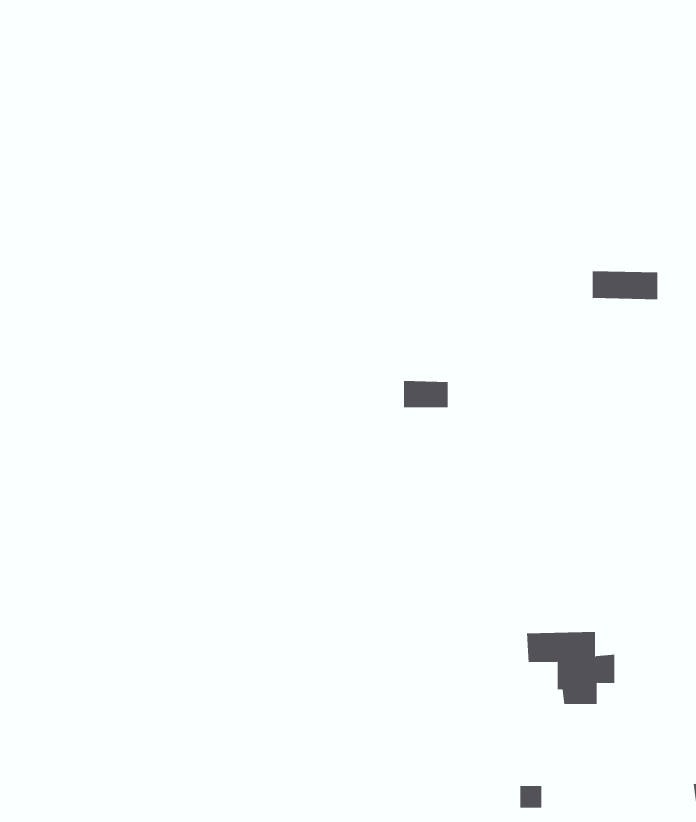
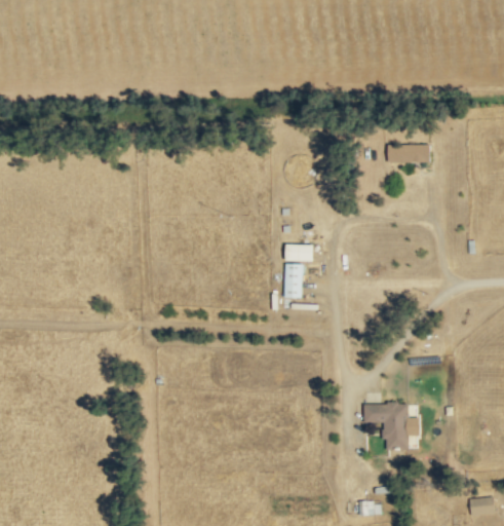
building: [592,271,658,300] -> [387,144,429,162]
building: none -> [283,263,302,298]

